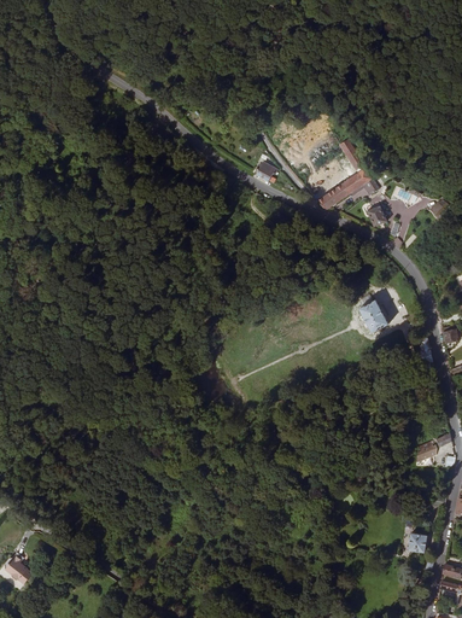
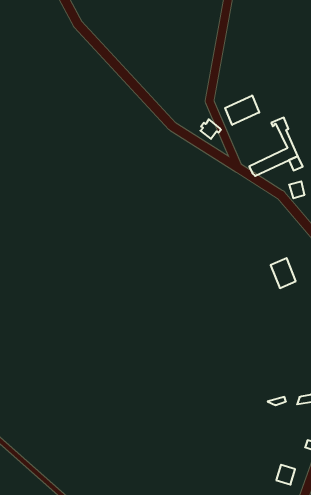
building: none -> [225,95,259,125]

